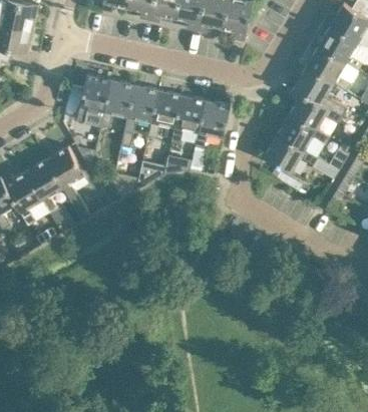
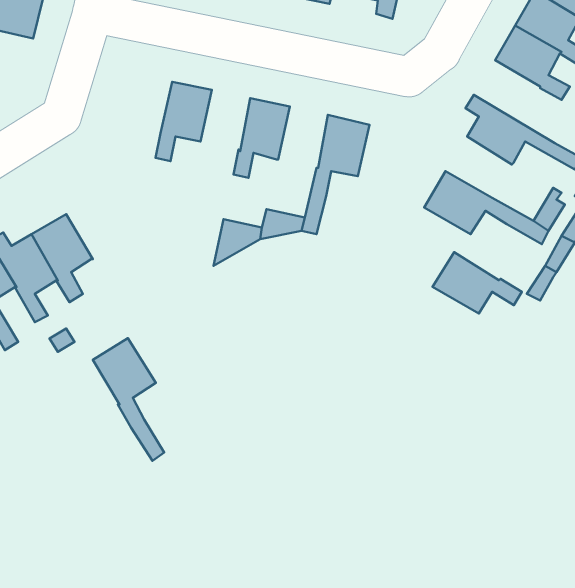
building: [293,66,347,116] -> none
building: [74,74,110,130] -> none
building: [120,84,157,146] -> none
building: [170,94,205,142] -> none
building: [276,112,330,149] -> [432,252,522,313]
building: [46,146,89,221] -> [93,338,164,461]

